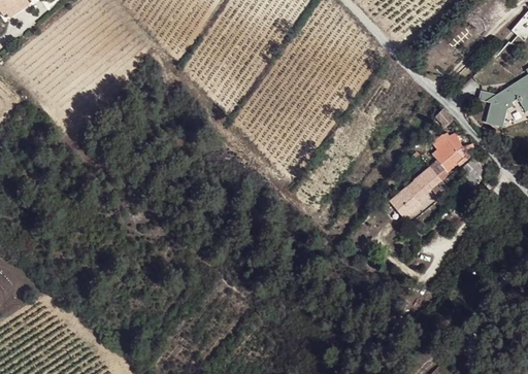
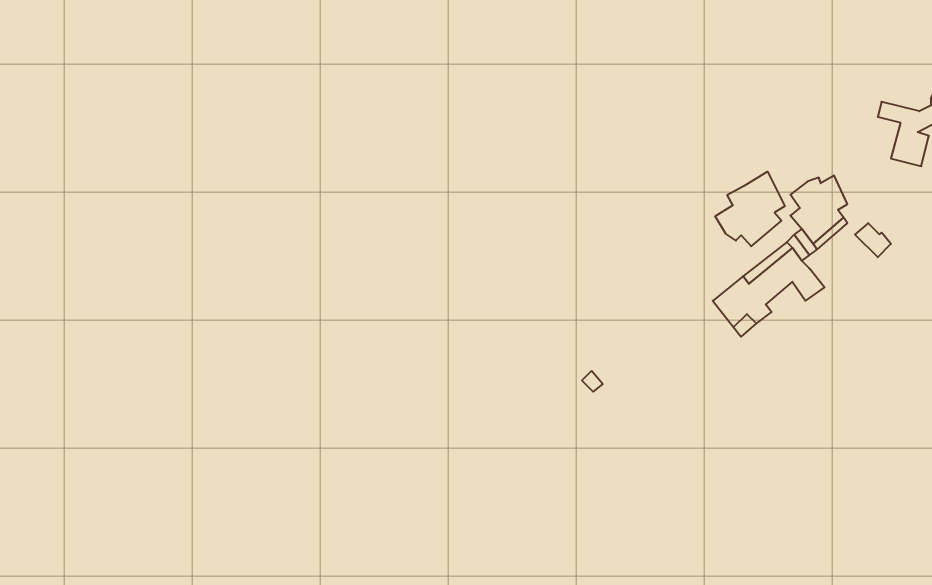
building: none -> [715,172,785,246]

